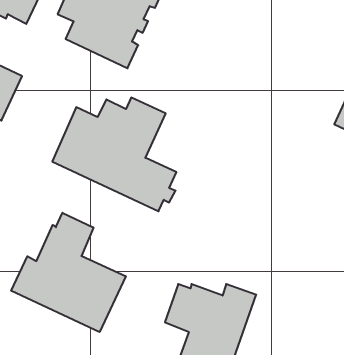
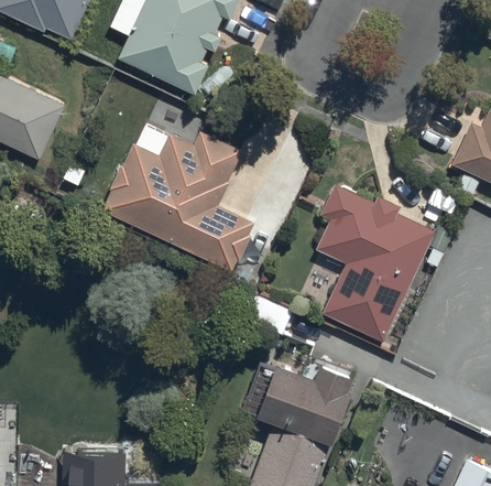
building: none -> [316,184,452,342]
building: [11,213,126,332] -> none

